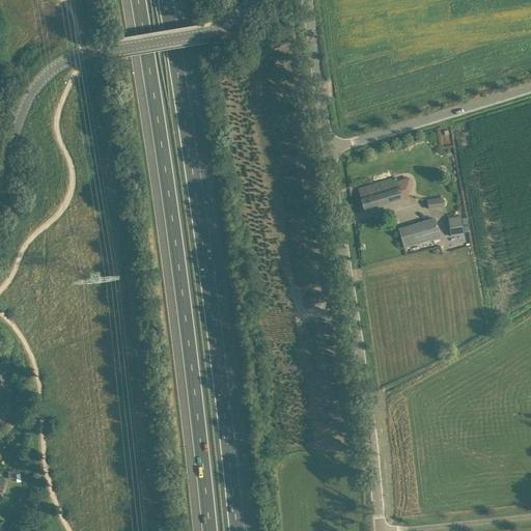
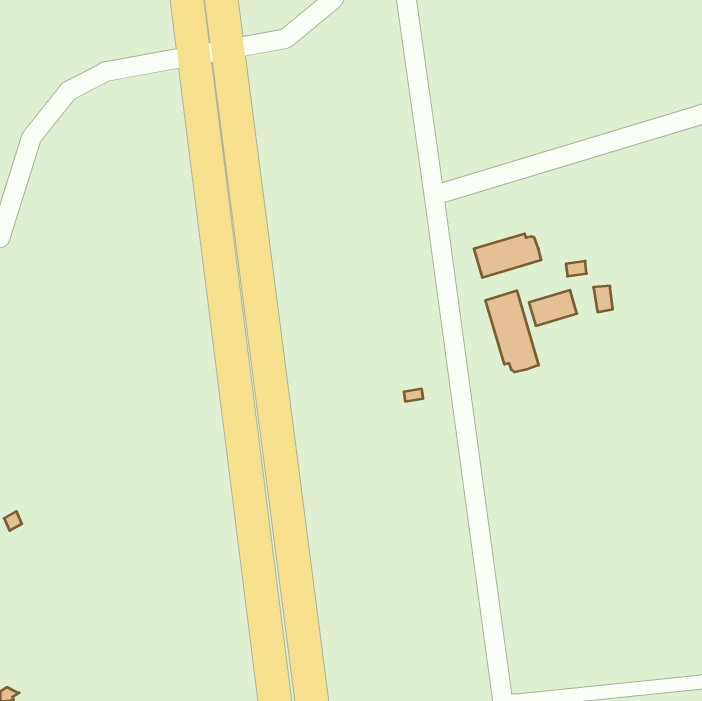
building: none -> [486,291,539,372]

